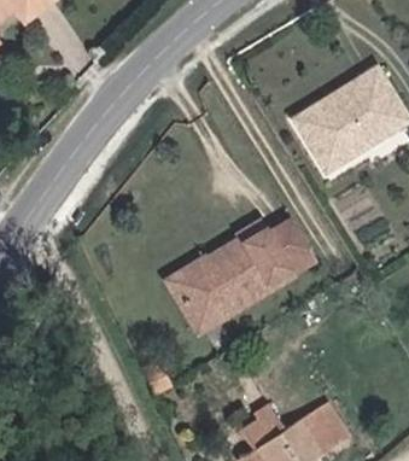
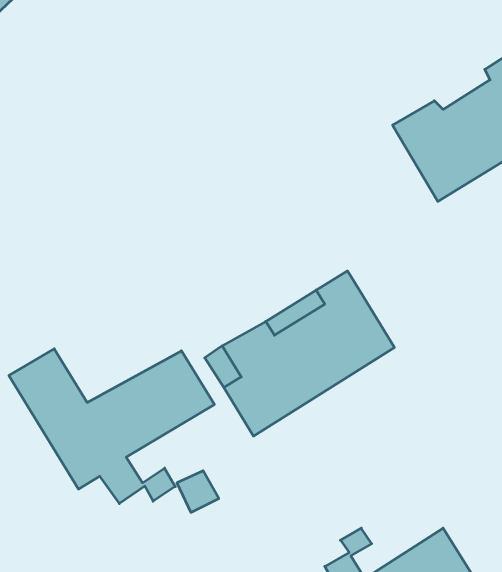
building: [268,215,317,272] -> none
building: none -> [9,349,214,504]

